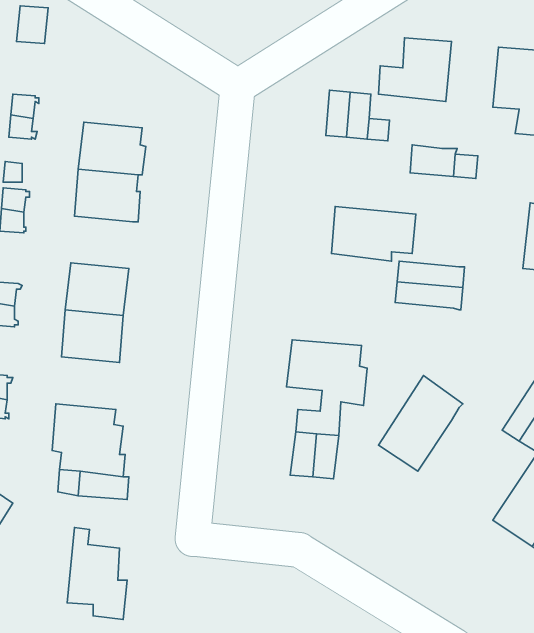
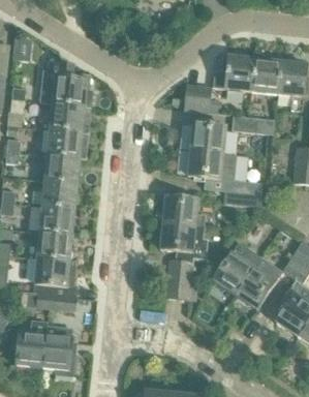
building: none -> [251,51,280,93]
building: none -> [39,62,92,105]
building: none -> [190,122,226,151]
building: none -> [44,153,79,182]
building: none -> [166,194,206,224]
building: none -> [36,231,71,259]
building: none -> [236,258,281,308]
building: none -> [17,319,47,366]

